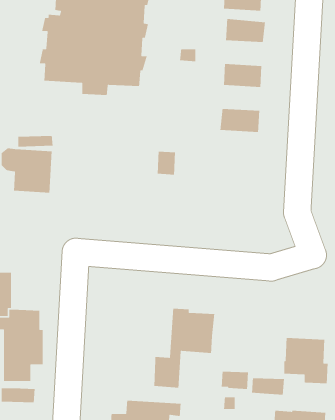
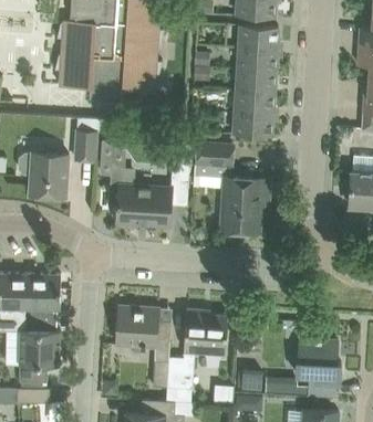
building: none -> [237,48,276,72]
building: none -> [235,92,273,116]
building: none -> [74,118,99,161]
building: none -> [196,145,232,166]
building: none -> [108,162,172,225]
building: none -> [220,179,268,234]
building: none -> [28,275,60,313]
building: none -> [115,306,169,388]

